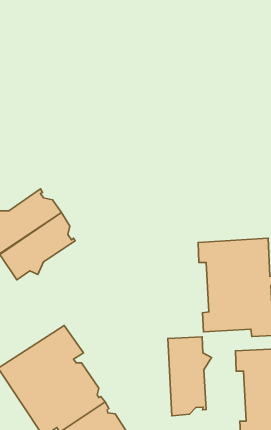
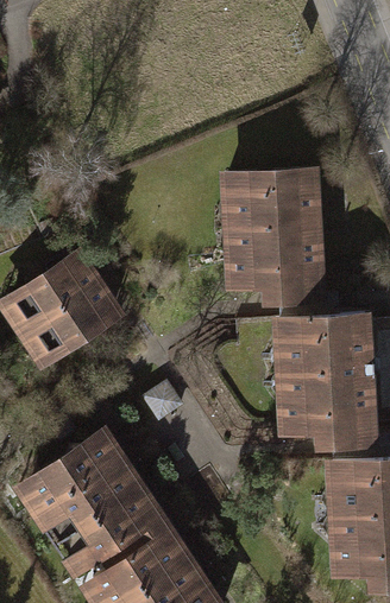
building: none -> [224,169,322,297]
building: [168,337,211,416] -> none

